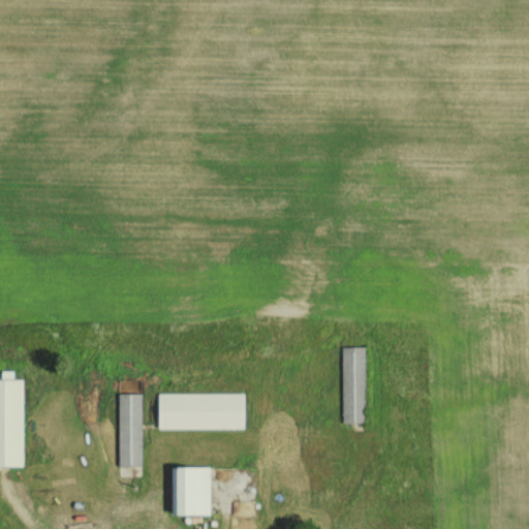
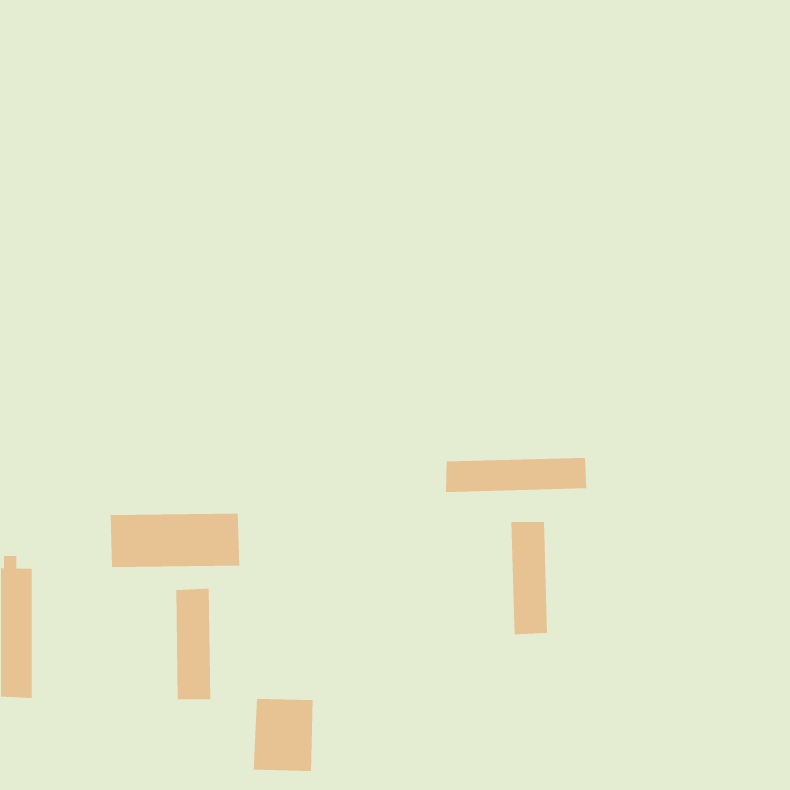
building: none -> [446,457,587,493]
building: [158,394,245,430] -> [110,513,240,567]

